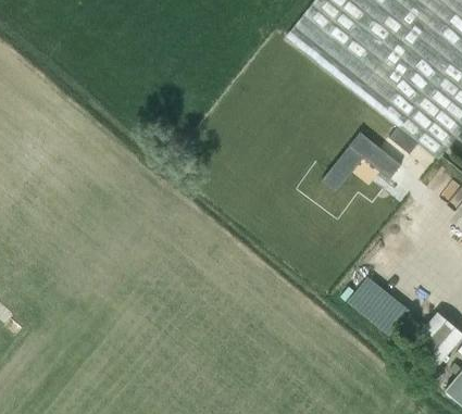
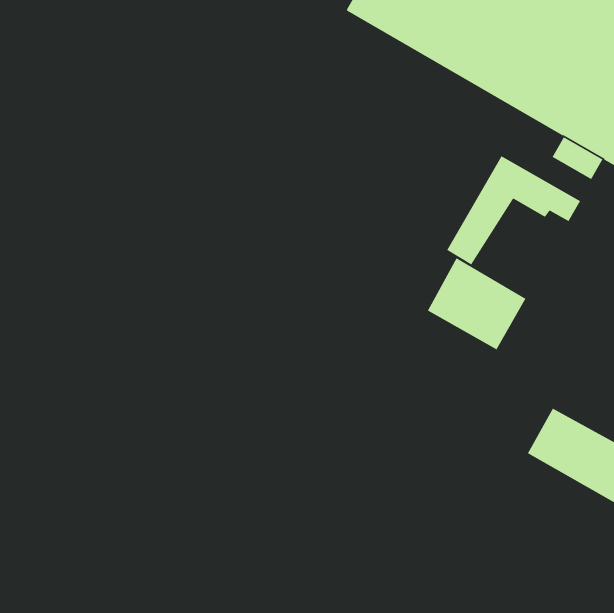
building: none -> [427,257,527,350]

